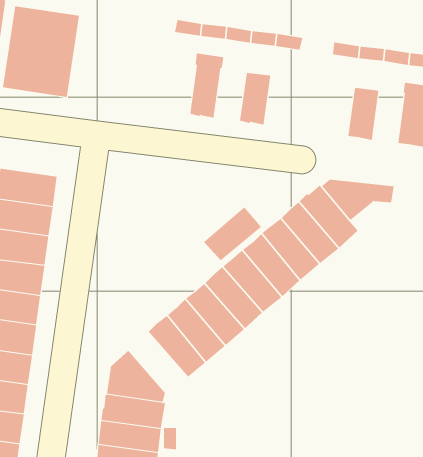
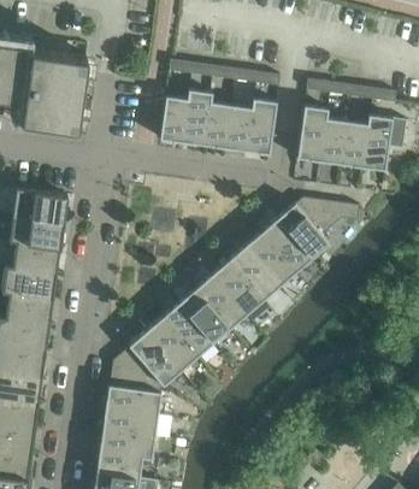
building: none -> [159,98,188,143]
building: none -> [247,100,277,155]
building: none -> [203,104,231,149]
building: none -> [296,107,327,163]
building: none -> [341,123,368,169]
building: [203,207,262,261] -> none
building: none -> [129,332,181,388]

